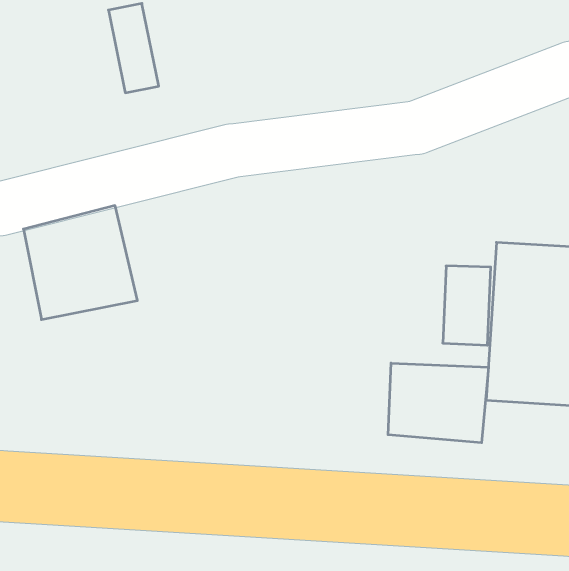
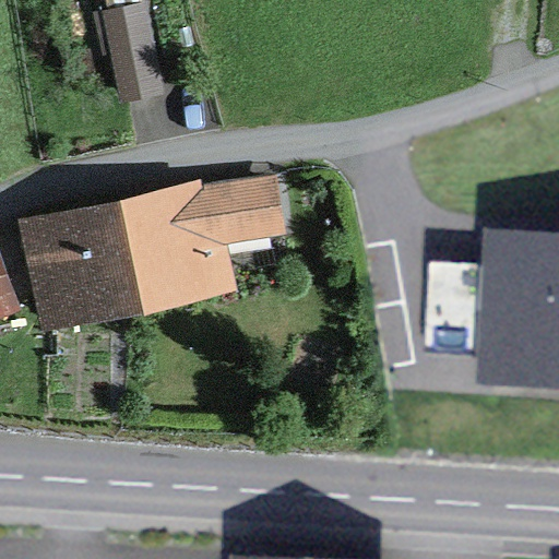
building: none -> [115,177,275,294]
building: [388,363,488,443] -> none

